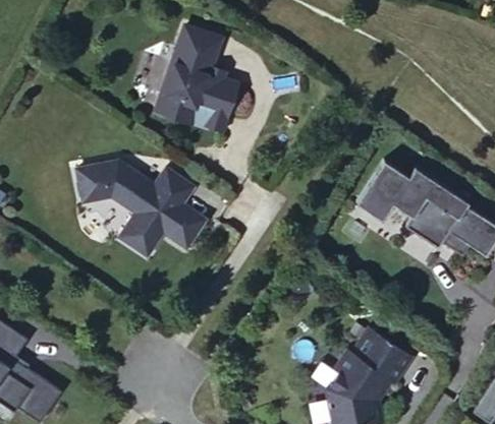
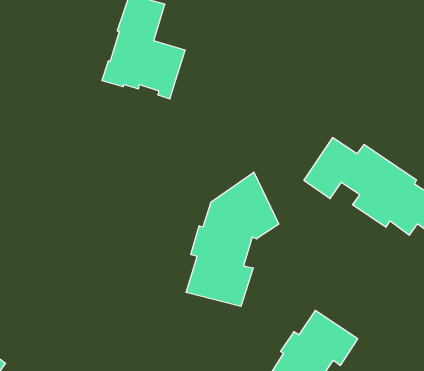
building: [78,159,208,253] -> none
building: none -> [186,172,279,306]

